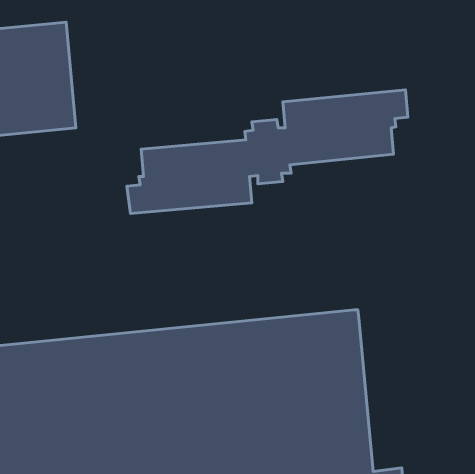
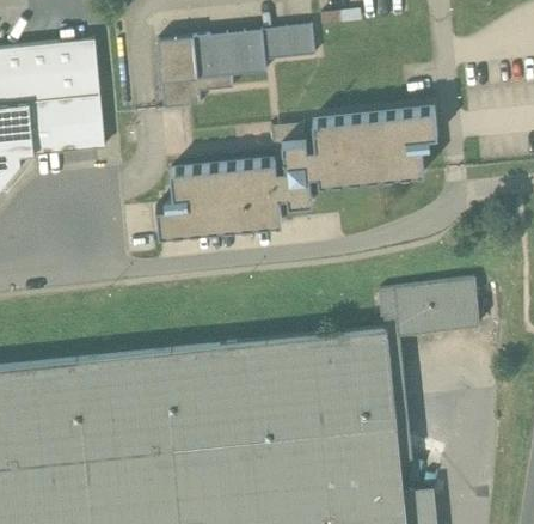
building: none -> [156,24,315,105]
building: none -> [378,281,478,337]

